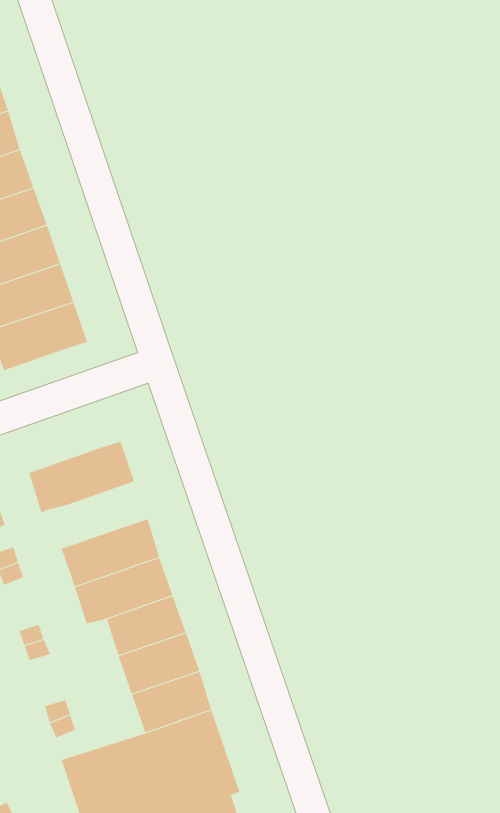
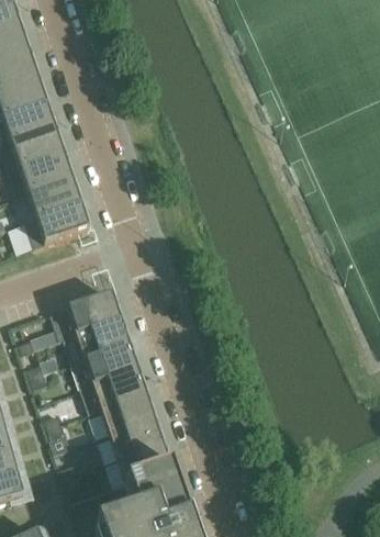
building: none -> [64,318,130,362]

